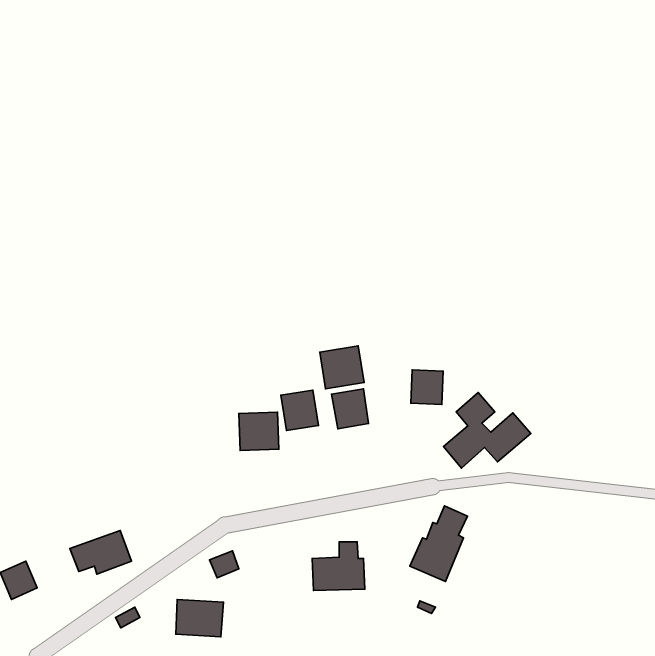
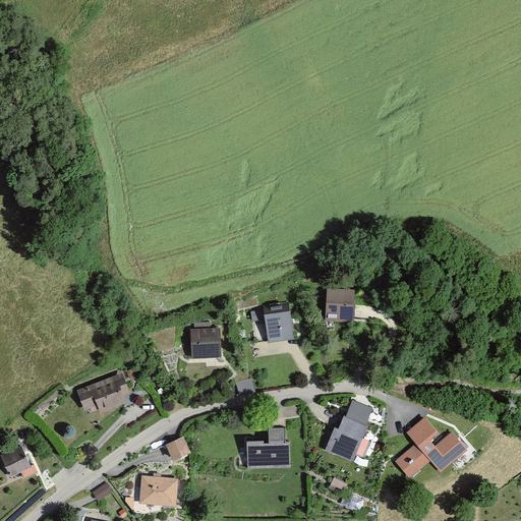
building: [320,346,364,389] -> none
building: [281,390,319,430] -> none
building: [443,392,531,468] -> [396,417,465,477]
building: [70,530,132,574] -> [77,377,126,411]

